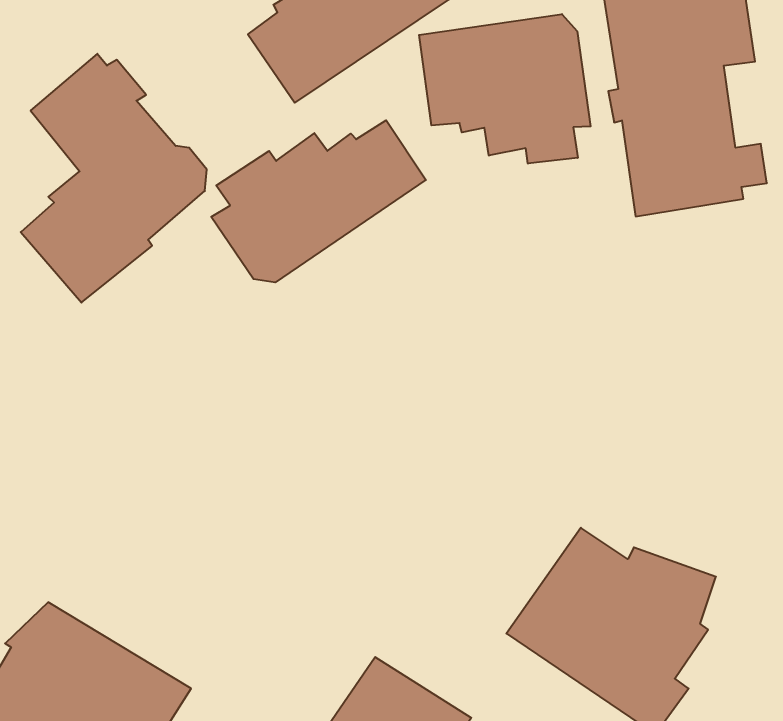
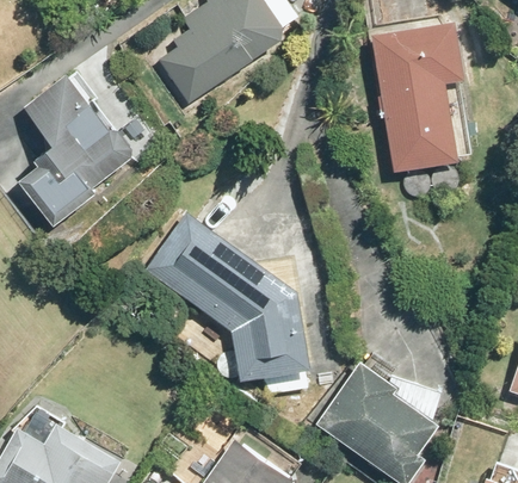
building: [419,14,591,164] -> none
building: [211,120,426,282] -> none
building: none -> [144,211,310,396]

